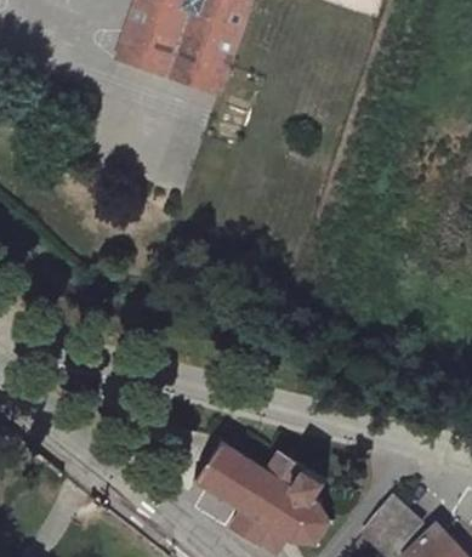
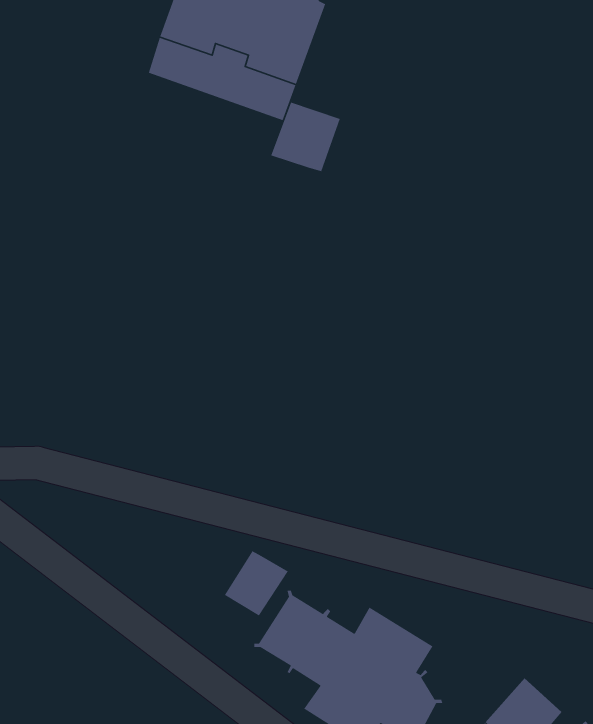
building: none -> [270,102,341,172]
building: none -> [224,550,289,616]

